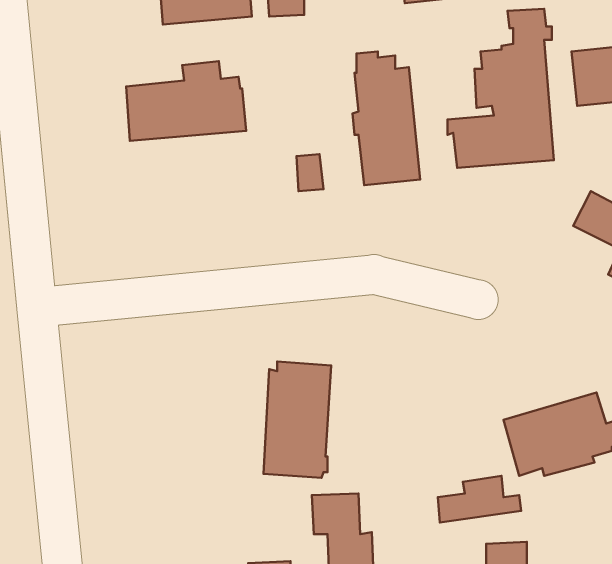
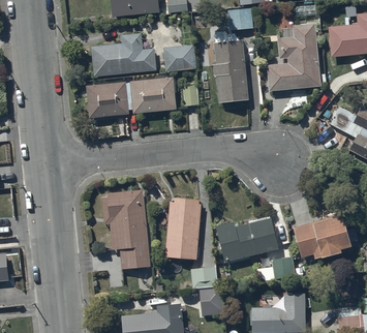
building: none -> [226,7,251,29]
building: none -> [157,44,194,70]
building: none -> [85,79,175,120]
building: none -> [100,188,149,268]
building: none -> [214,214,278,262]

